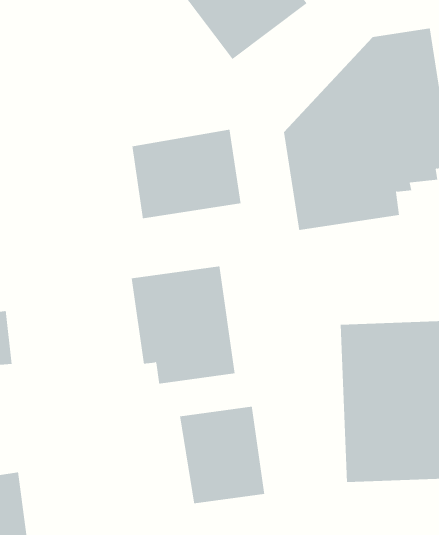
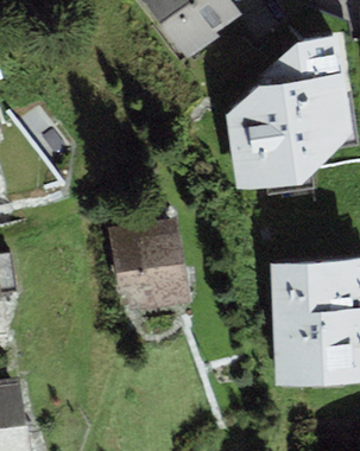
building: [132,129,241,219] -> none
building: [180,406,265,504] -> none

